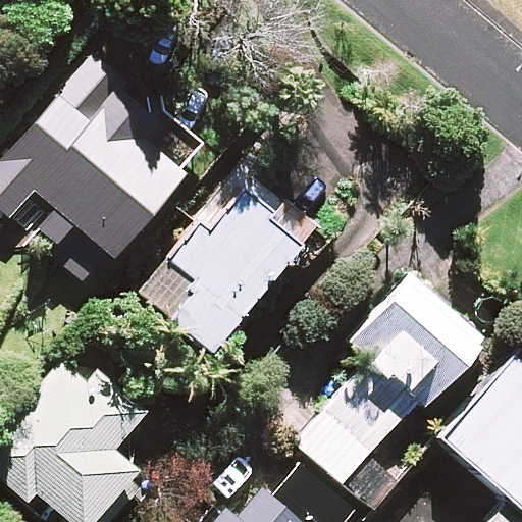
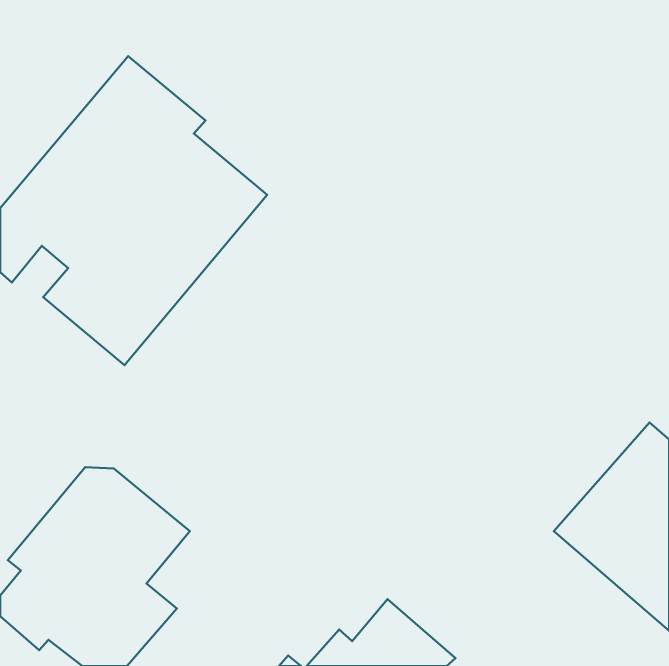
building: [139,191,317,356] -> none
building: [294,274,485,513] -> none

